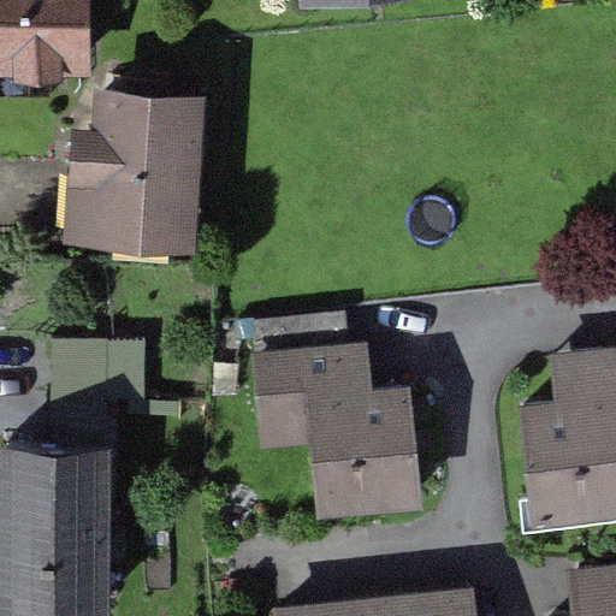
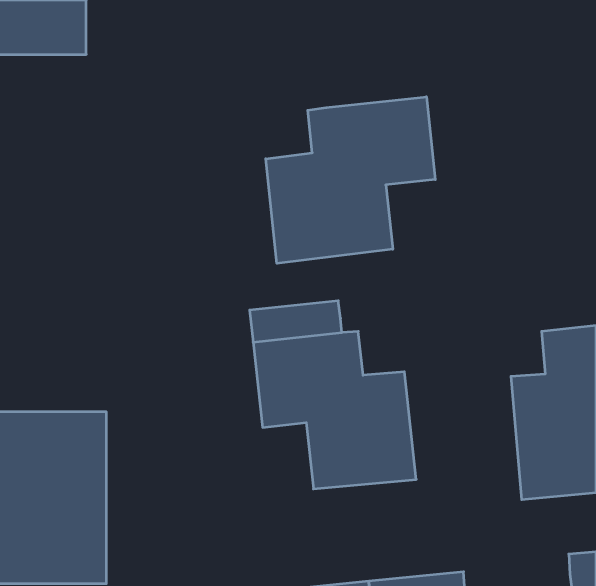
building: [64,81,206,247] -> none
building: none -> [266,97,435,263]

